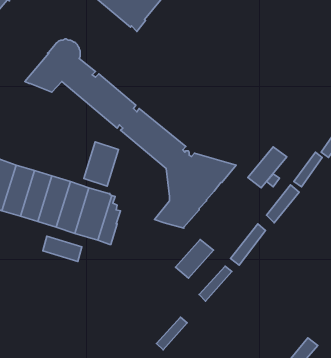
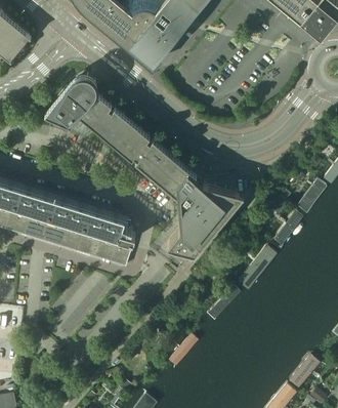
building: [84,142,118,186] -> none
building: [248,147,287,188] -> none
building: [43,236,82,262] -> none
building: [175,239,213,278] -> none

